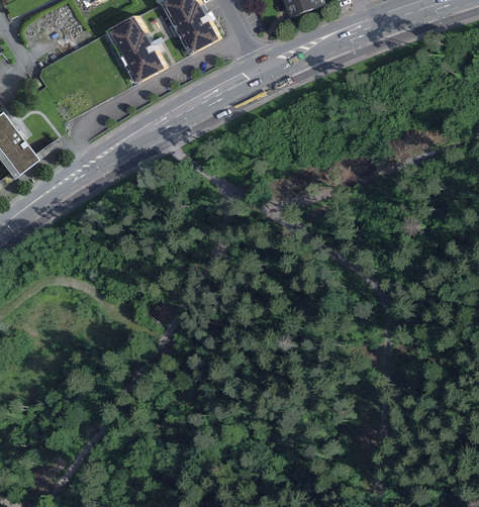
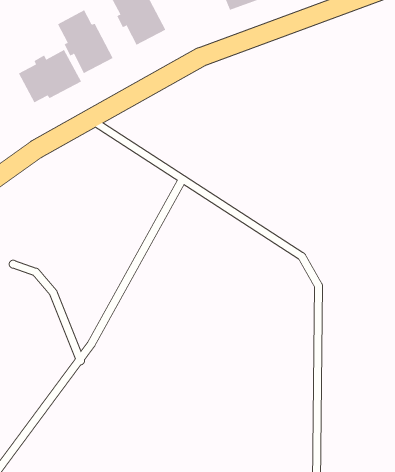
building: none -> [18,49,82,103]

